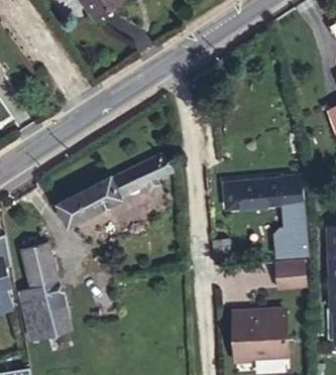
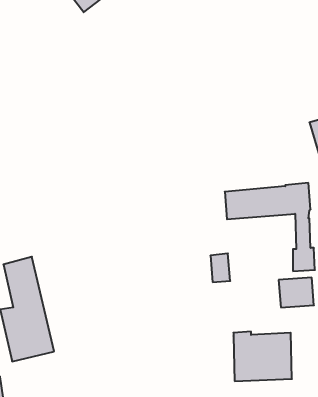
building: [58,154,171,225] -> none

